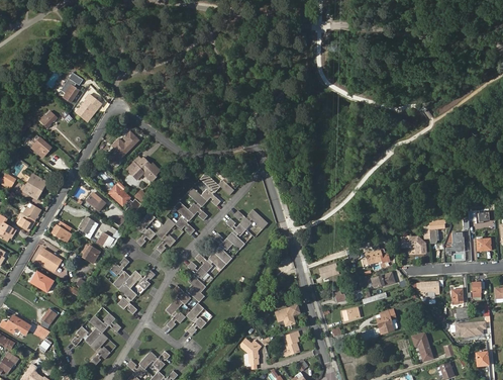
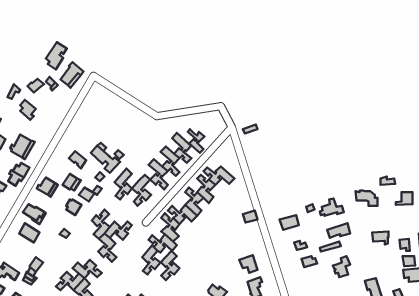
building: [105,132,137,165] -> none
building: [127,156,160,180] -> none

